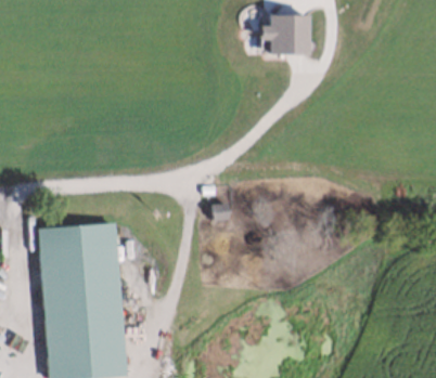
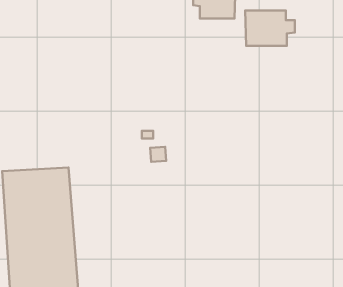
building: none -> [245,11,295,46]

